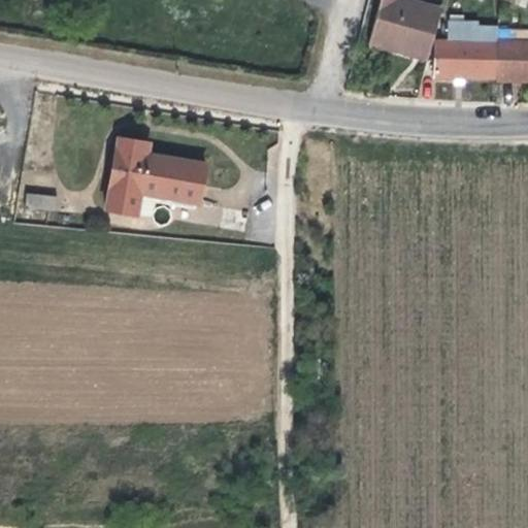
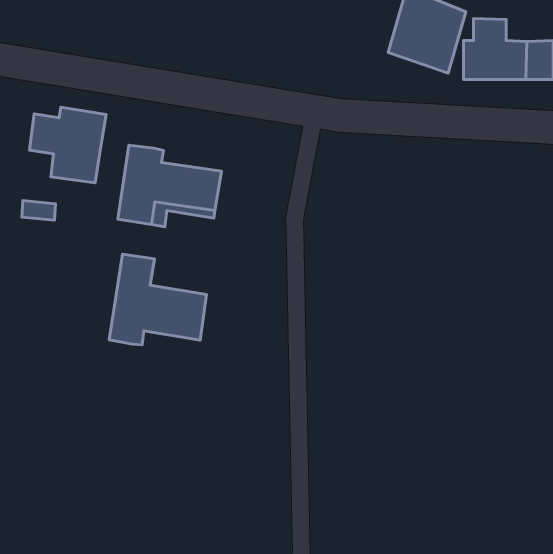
building: none -> [30,107,106,183]
building: none -> [109,254,207,345]

